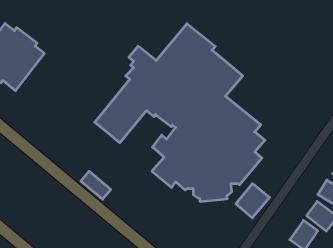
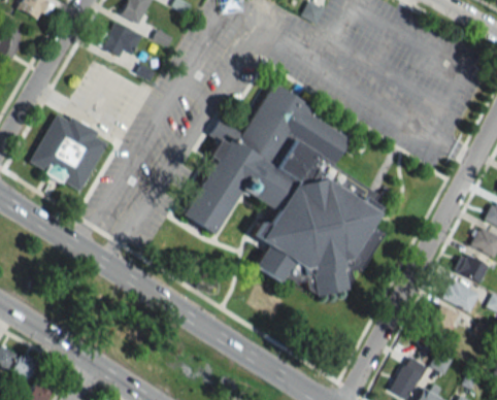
building: [81,171,111,199] -> none
building: [236,184,270,218] -> none

